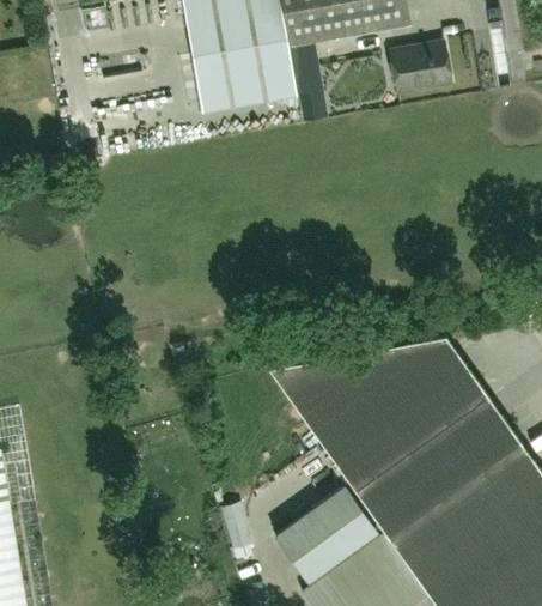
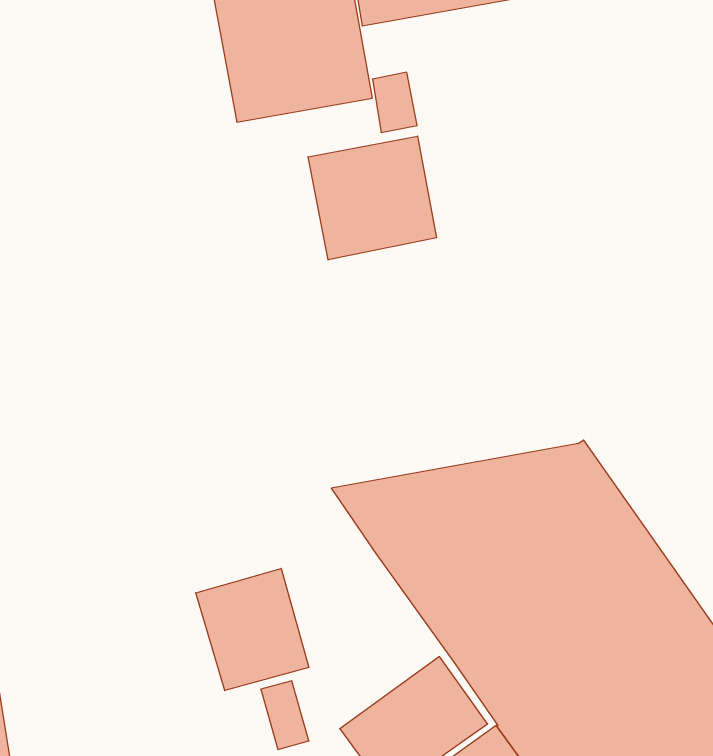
building: [388,42,450,92] -> none
building: none -> [308,136,436,260]
building: none -> [196,568,309,691]

